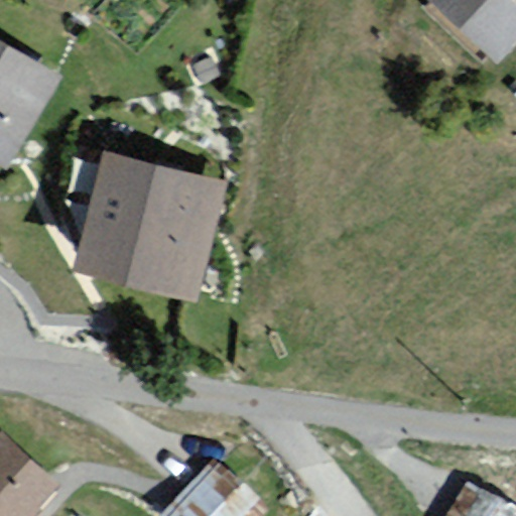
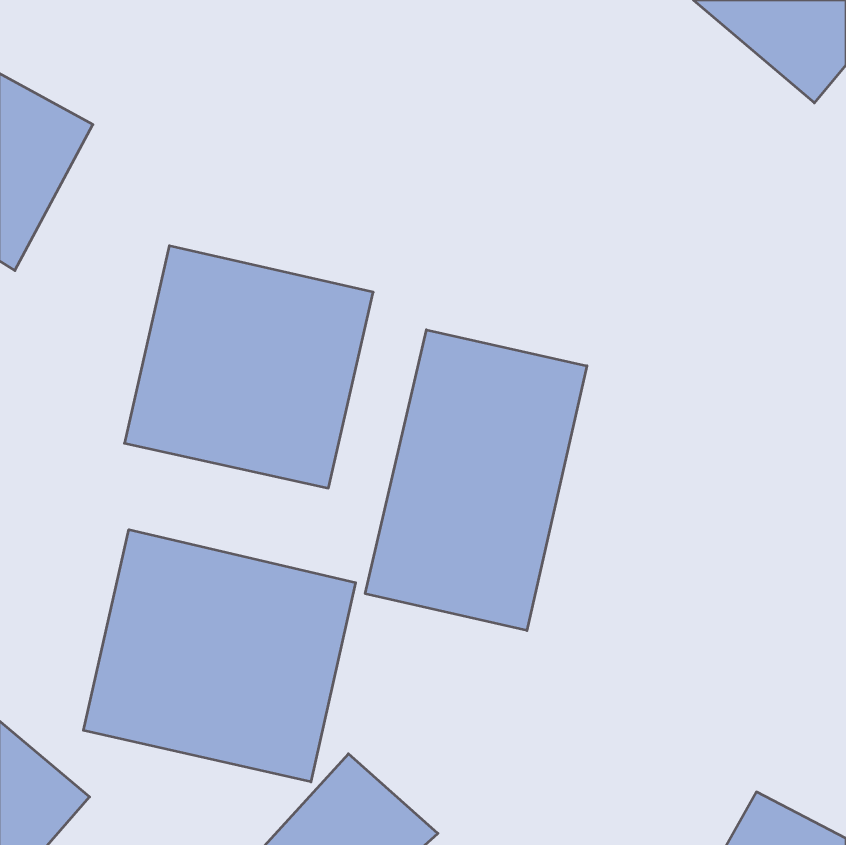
building: none -> [365,330,587,631]
building: none -> [83,530,356,782]

